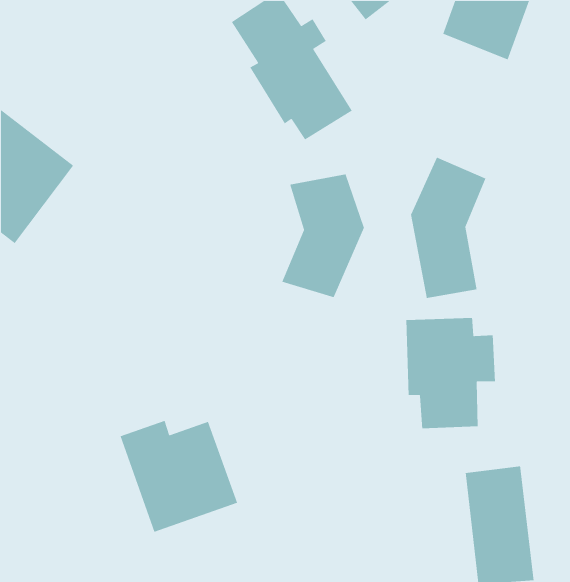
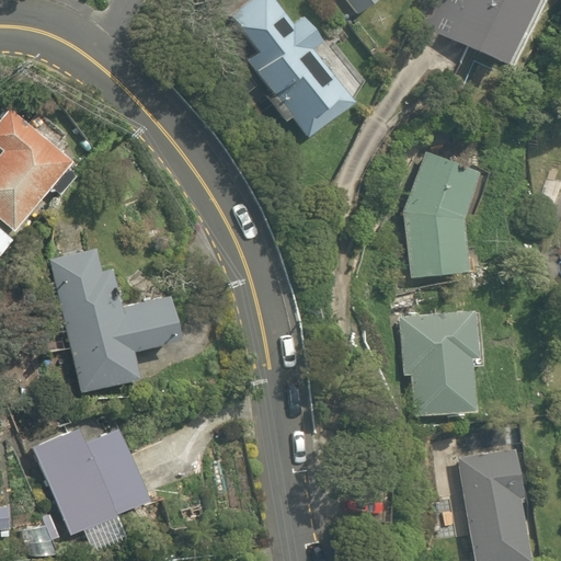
building: [281,173,365,298] -> none
building: none -> [50,250,174,392]
building: [119,420,238,533] -> [33,425,147,534]

